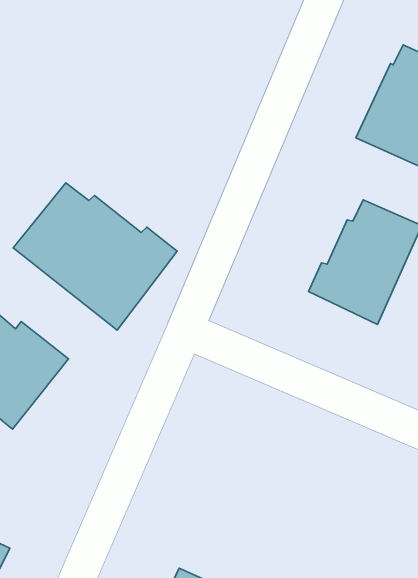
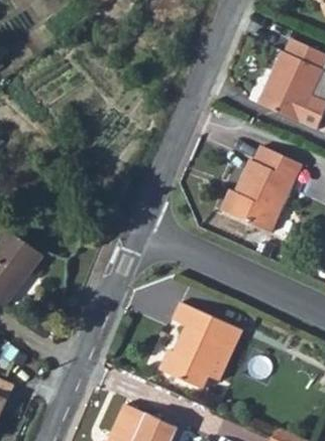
building: [13,183,177,330] -> none
building: none -> [164,300,243,387]

